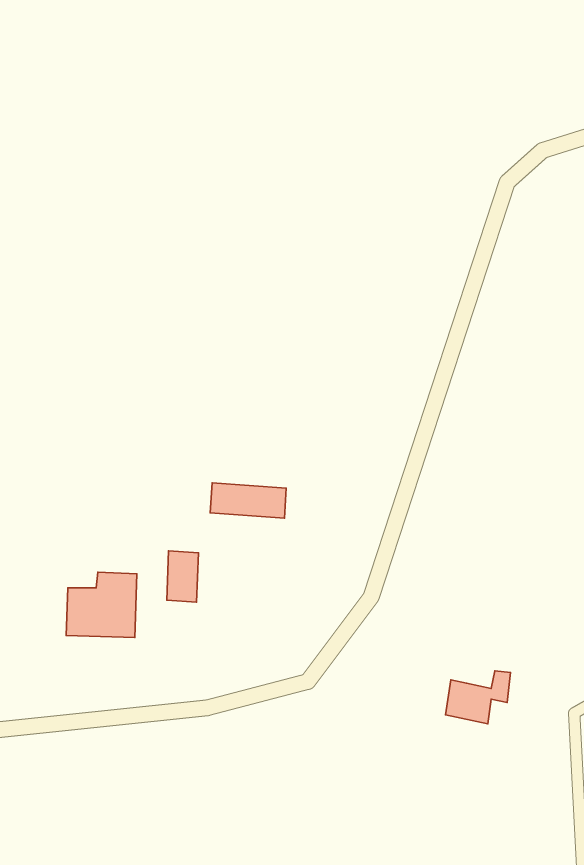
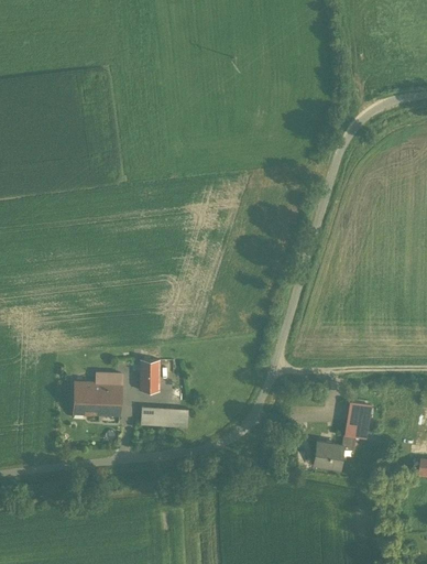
building: [210,483,286,518] -> [141,406,188,429]
building: none -> [344,402,371,438]

